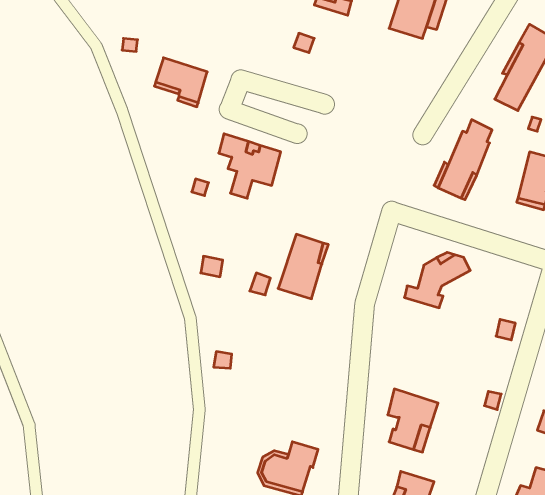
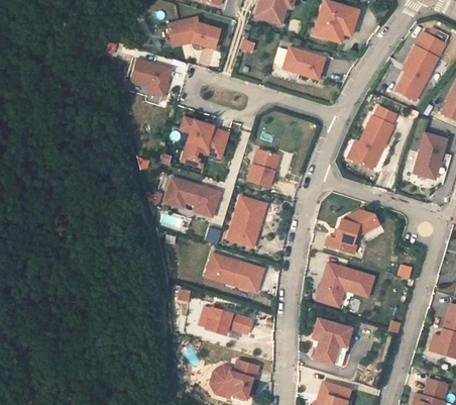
building: none -> [166,17,219,48]
building: none -> [283,46,325,79]
building: none -> [248,149,276,187]
building: none -> [163,178,220,217]
building: none -> [206,254,263,292]
building: none -> [320,263,373,304]
building: none -> [206,307,252,334]

